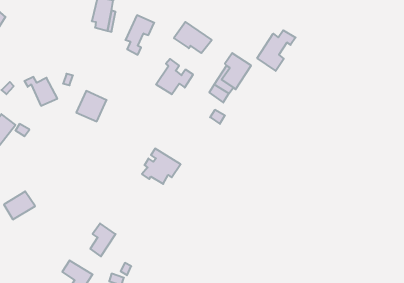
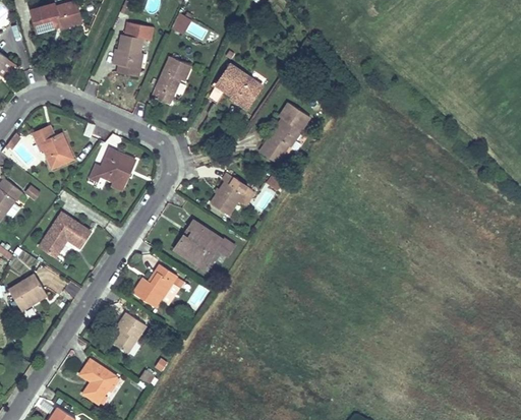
building: [257,30,296,71] -> none
building: [156,59,193,94] -> [210,171,255,215]
building: none -> [37,214,86,257]
building: none -> [132,263,177,307]

